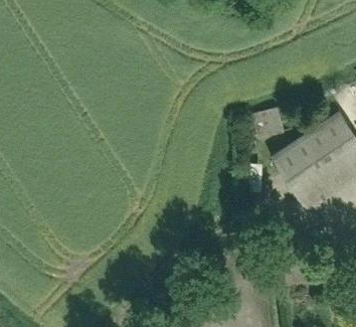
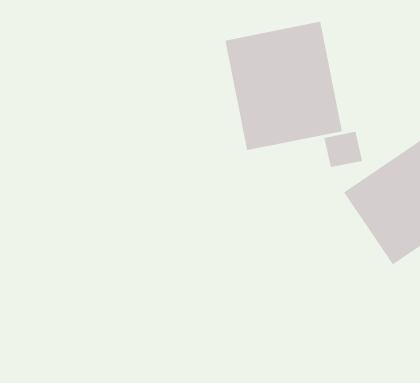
building: none -> [225,21,343,151]

